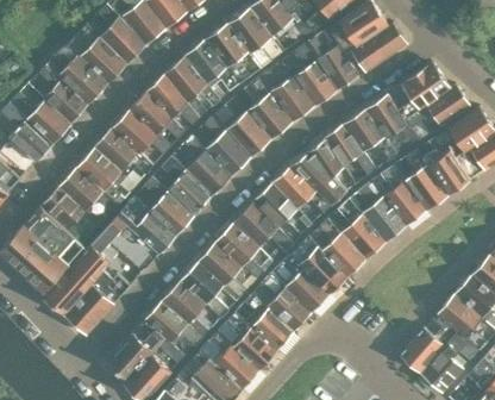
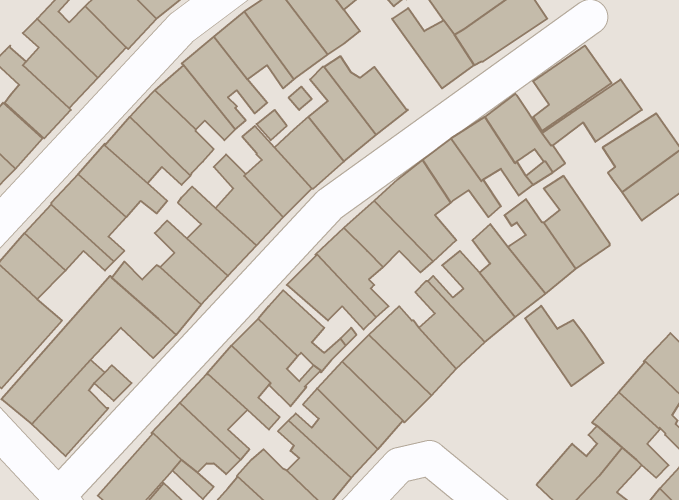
building: [293,45,336,107] -> none
building: [416,142,469,195] -> [525,306,604,386]

